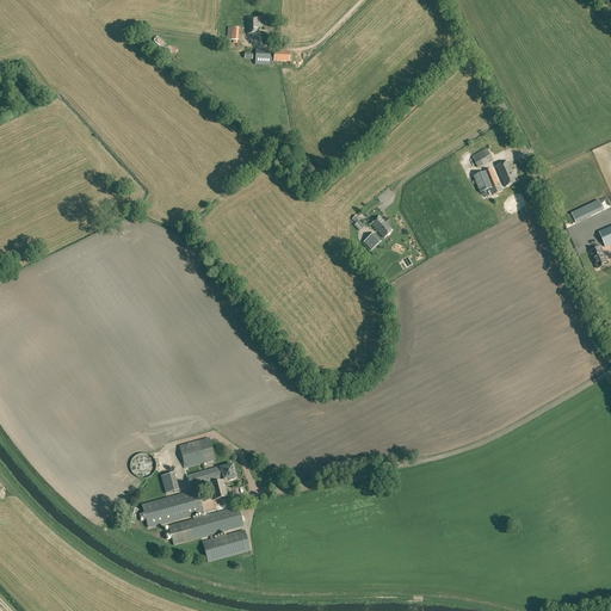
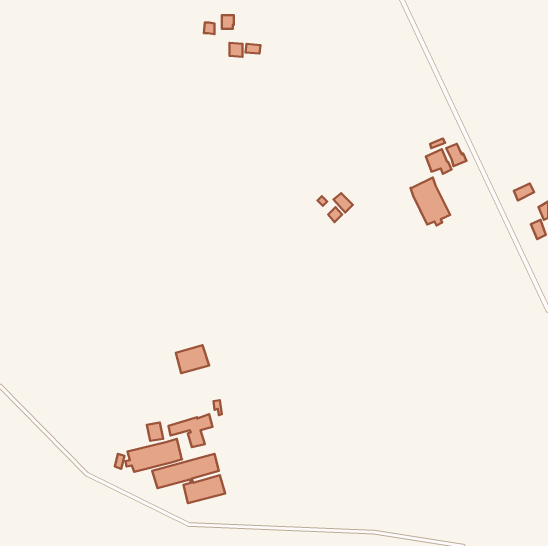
building: none -> [410,178,450,225]
building: [179,436,216,467] -> [176,345,209,373]

